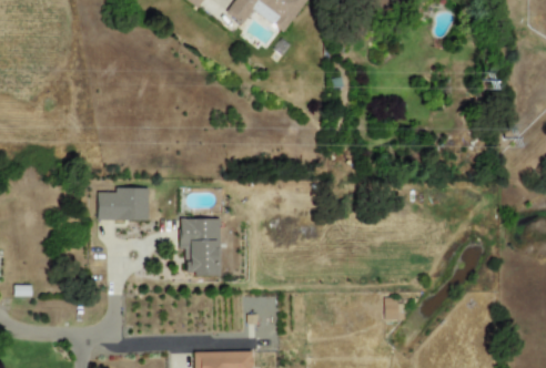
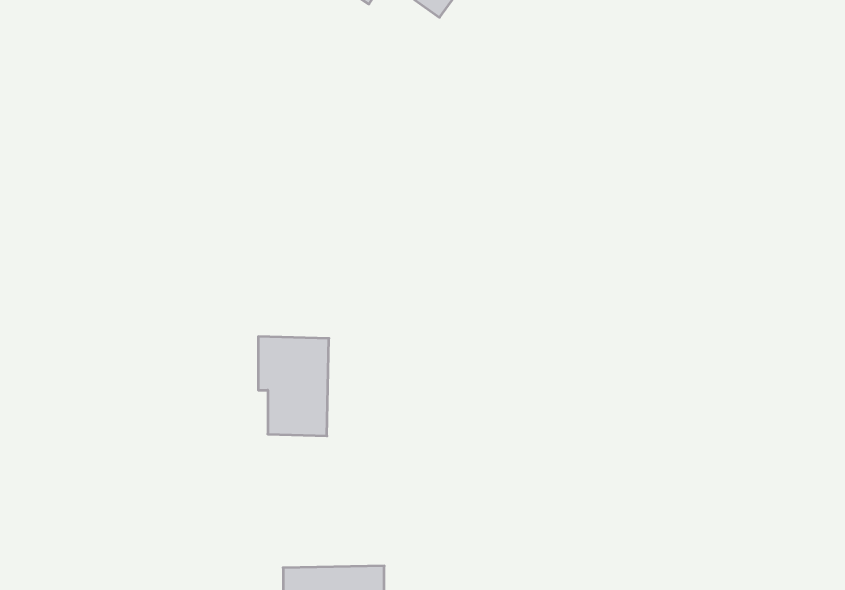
building: [99,187,150,221] -> none

